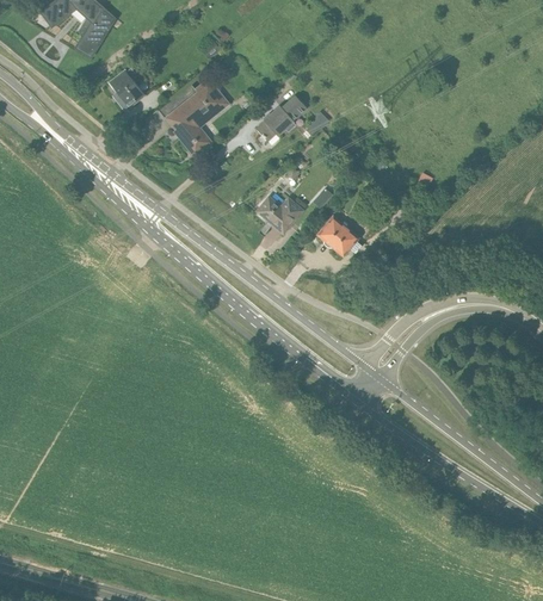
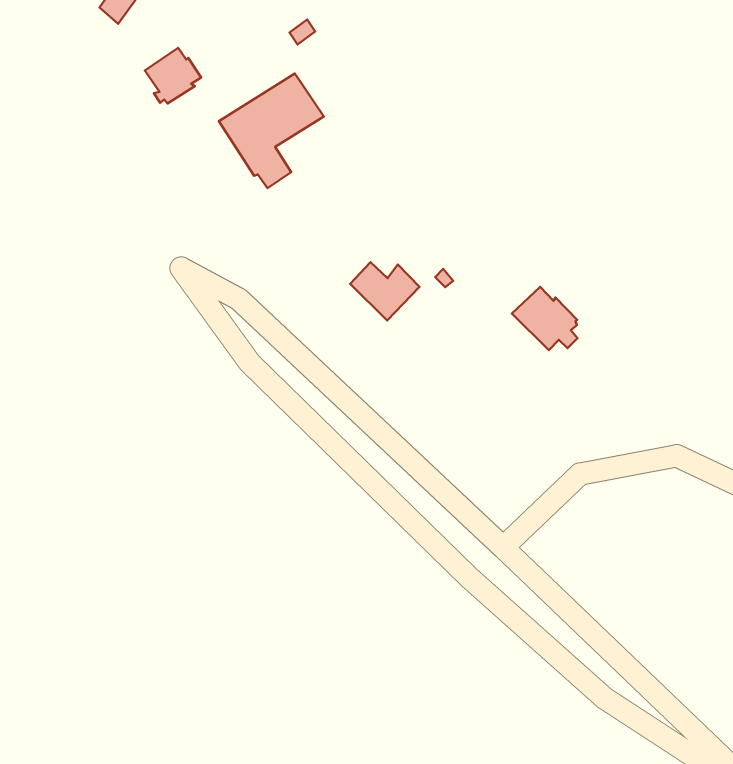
building: [254,97,301,142] -> none
building: [316,215,360,255] -> [512,287,577,350]

